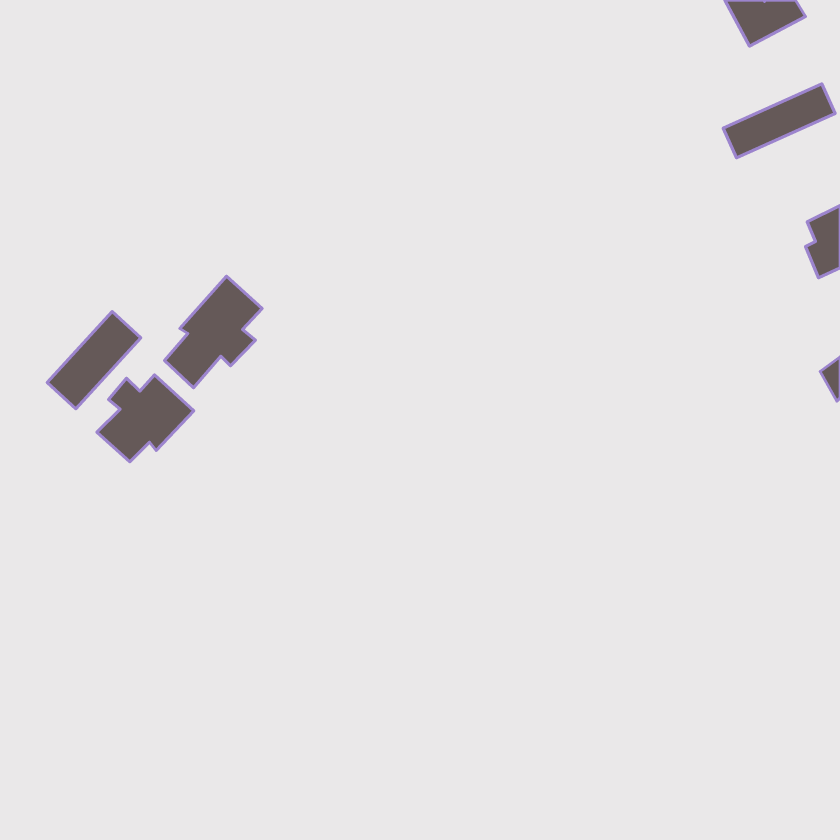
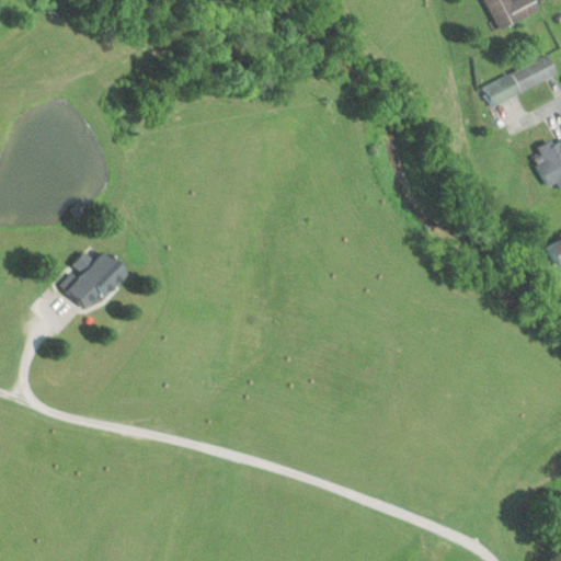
building: [165,276,262,388] -> none
building: [47,311,141,409] -> none

